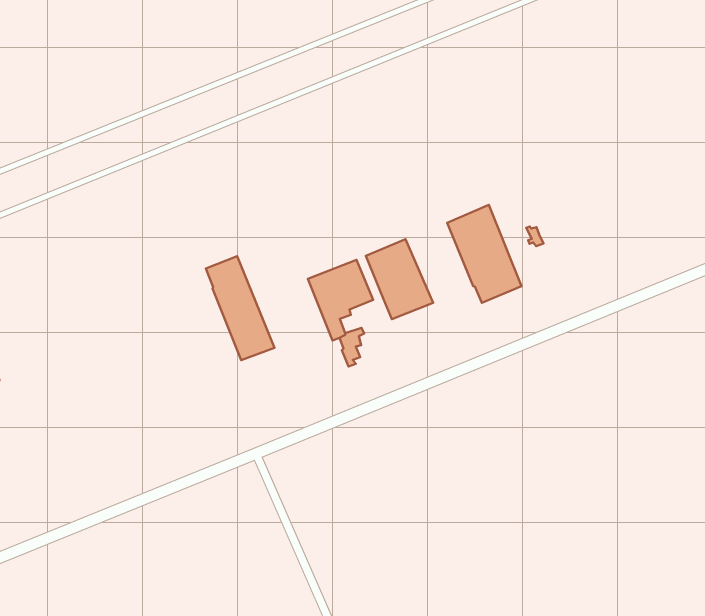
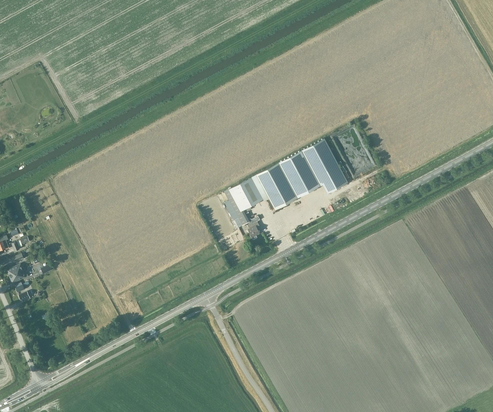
building: none -> [277,151,319,198]
building: [206,256,274,360] -> none

